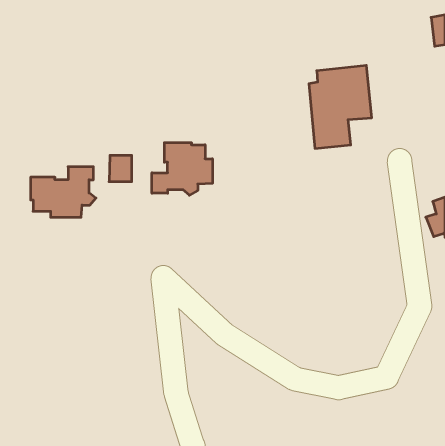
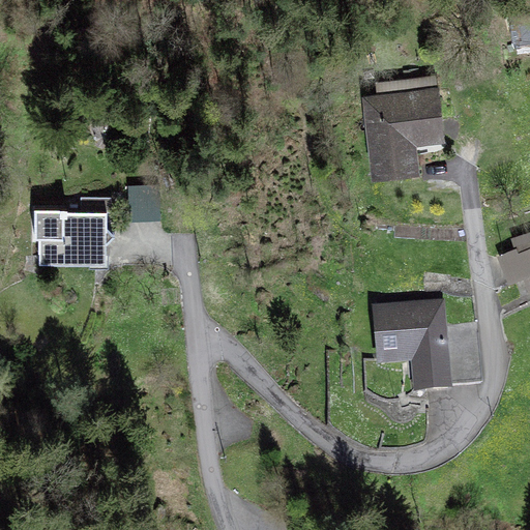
building: [152,143,212,195] -> none
building: none -> [376,306,448,390]

